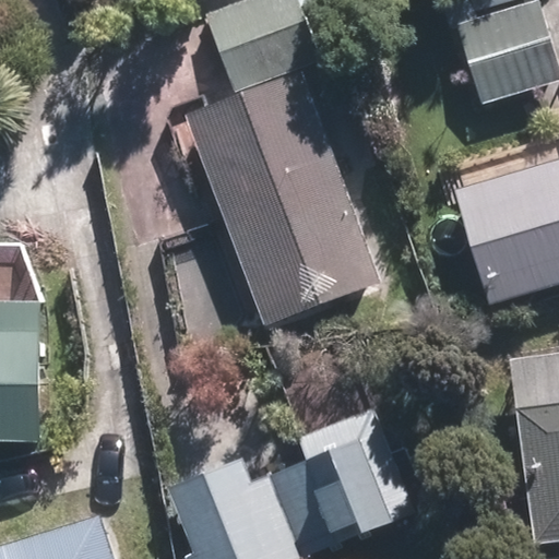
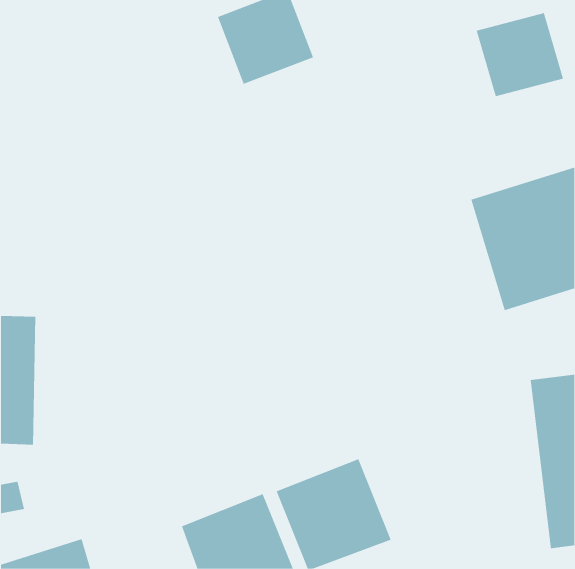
building: [190,88,362,311] -> none

